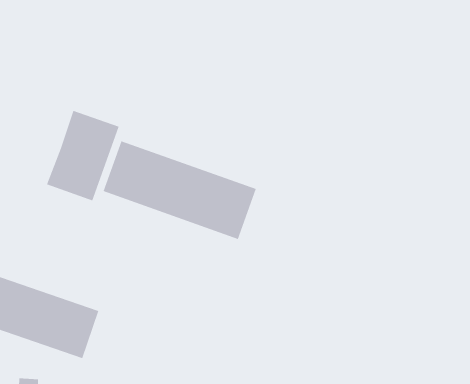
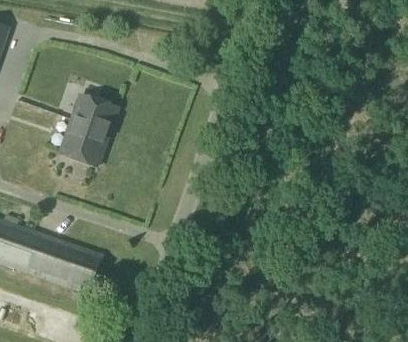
building: [103,140,257,240] -> none

